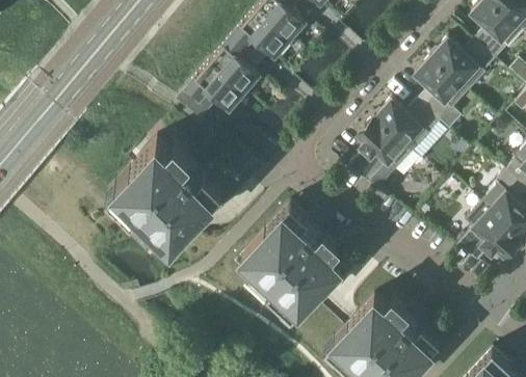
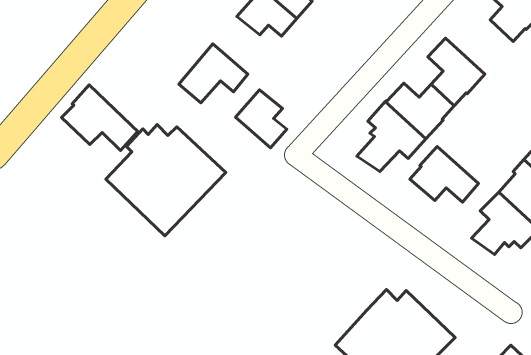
building: [209,41,258,96] -> [235,90,287,148]
building: [430,43,495,96] -> none
building: none -> [61,85,139,151]
building: none -> [410,147,479,202]
building: [234,208,340,322] -> none

